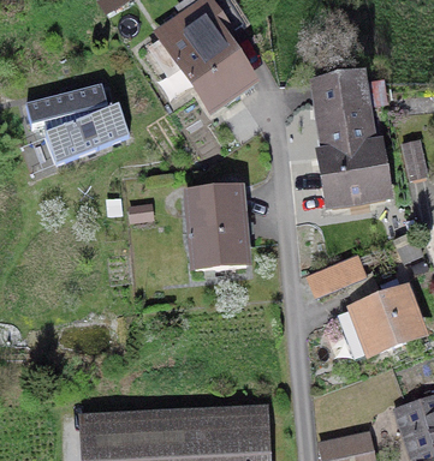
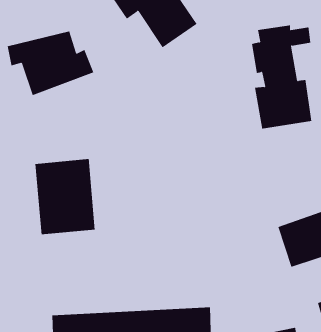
building: [186,187,258,277] -> [35,159,95,235]
building: [303,256,365,299] -> none

